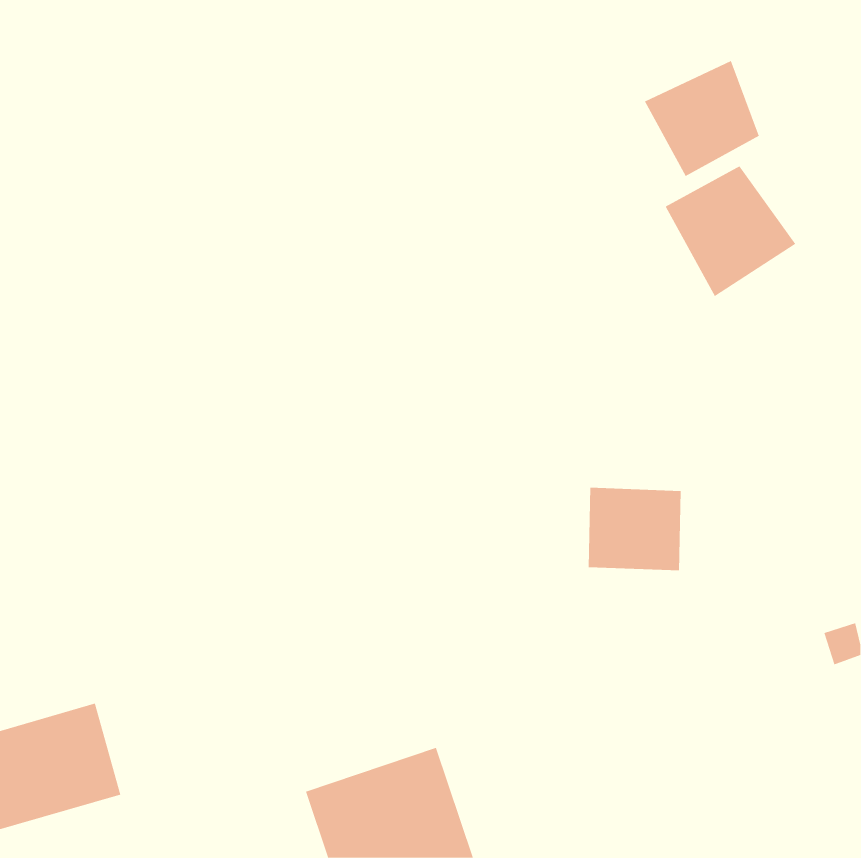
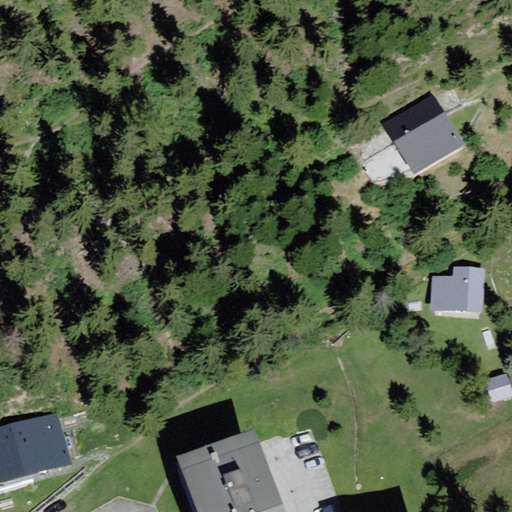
building: [644,60,760,177] -> none
building: [588,487,682,571] -> [426,266,481,315]

